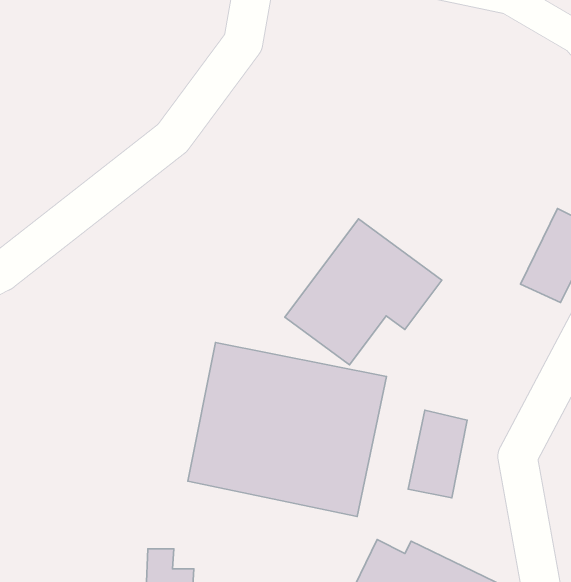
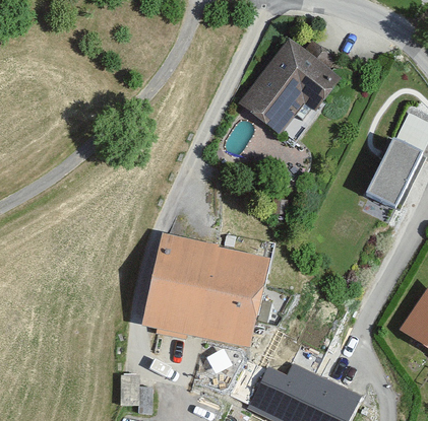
building: [285,219,442,365] -> [239,38,343,134]
building: [408,410,467,498] -> none

